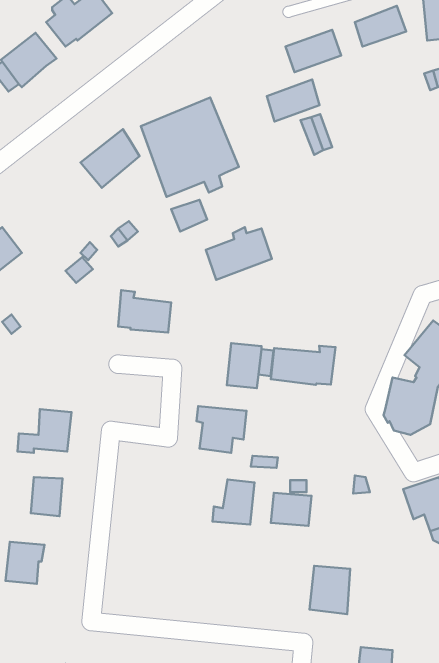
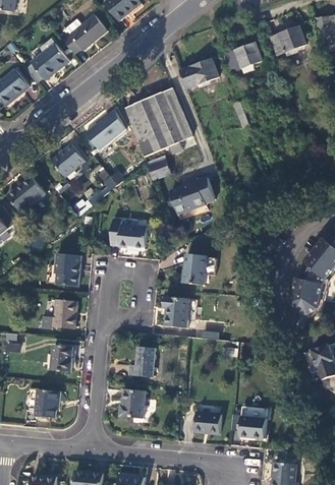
building: [267,79,320,122] -> [181,59,217,87]
building: none -> [51,143,83,176]
building: none -> [56,252,80,286]
building: [271,346,336,385] -> none
building: [212,479,255,525] -> [128,345,157,375]
building: [271,493,311,526] -> [194,410,222,432]
building: none -> [119,388,145,417]

